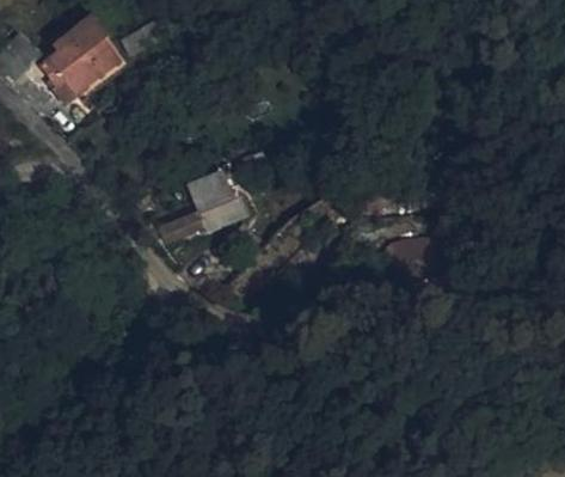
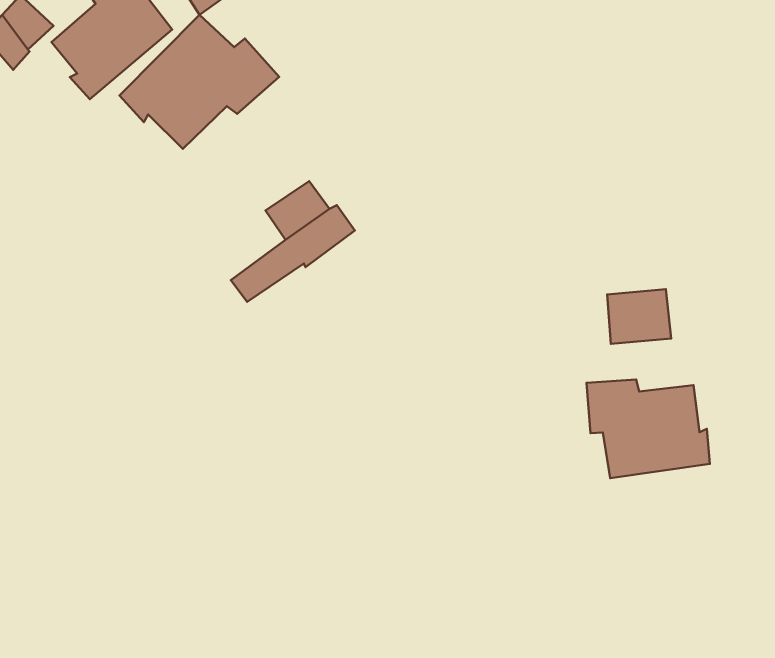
building: none -> [120,15,279,149]
building: none -> [587,379,710,478]

